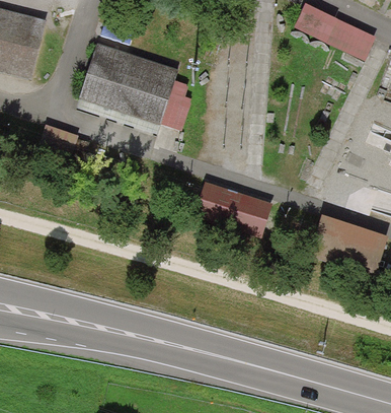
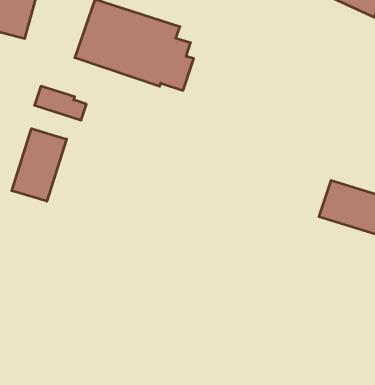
building: none -> [12,129,67,201]
building: [196,183,271,232] -> none

